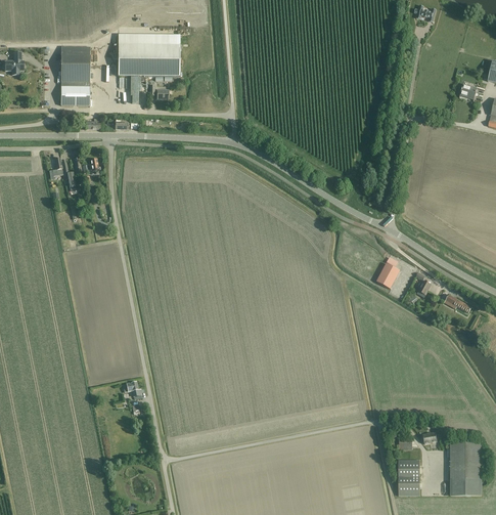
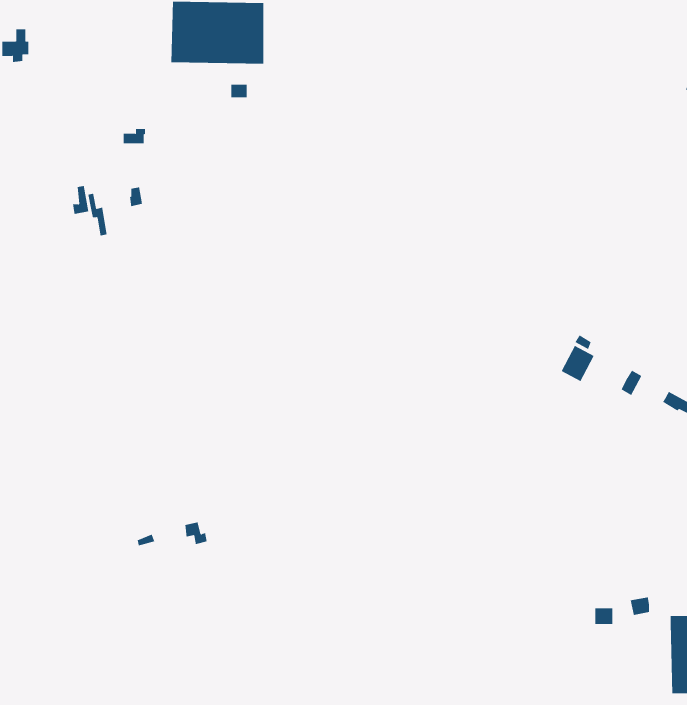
building: [60,46,89,104] -> none
building: [398,460,419,496] -> none

